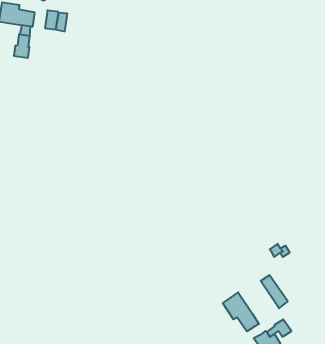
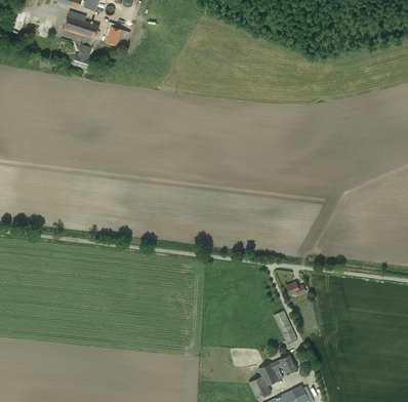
building: [223,292,259,331] -> none

